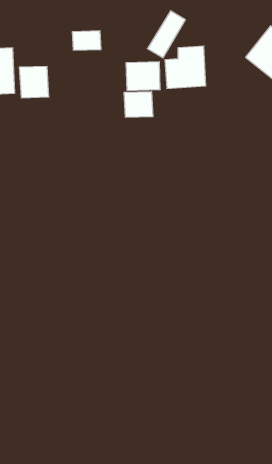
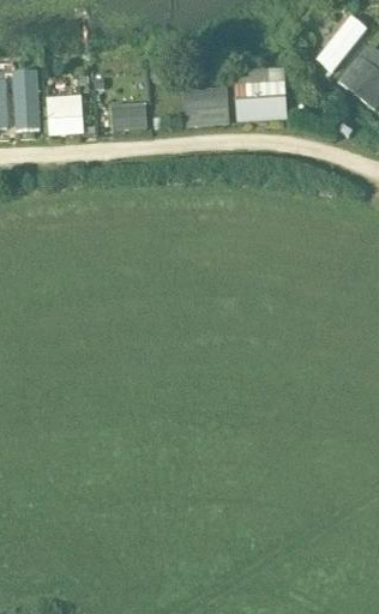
building: [147,11,185,58] -> [315,13,365,74]
building: [72,31,101,50] -> [110,103,148,128]
building: [124,91,153,117] -> none

